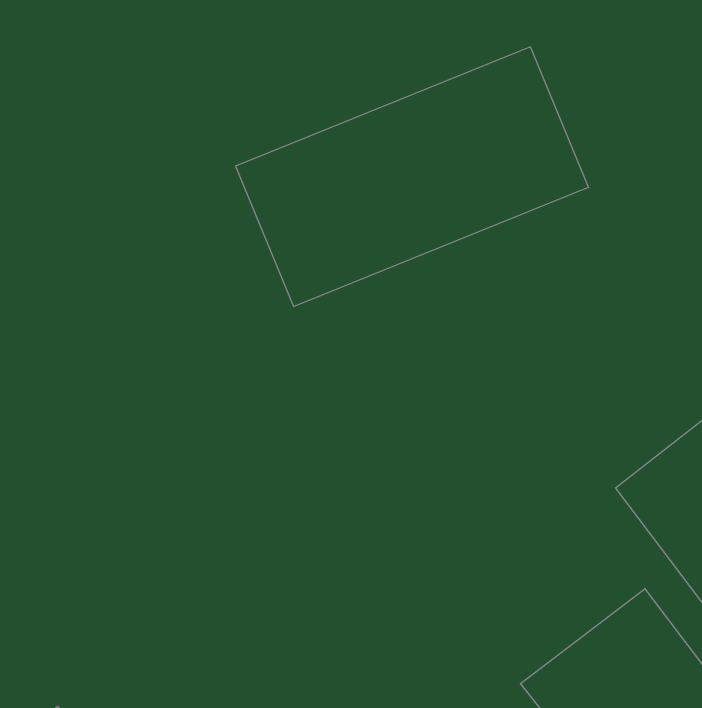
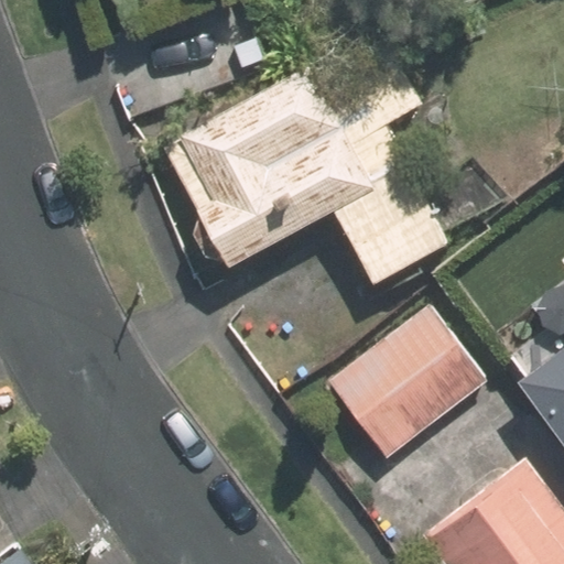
building: none -> [307,303,468,454]

